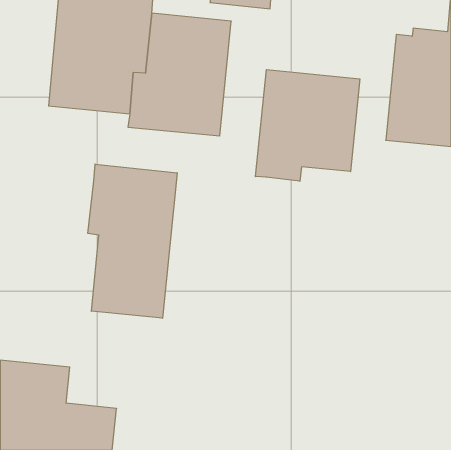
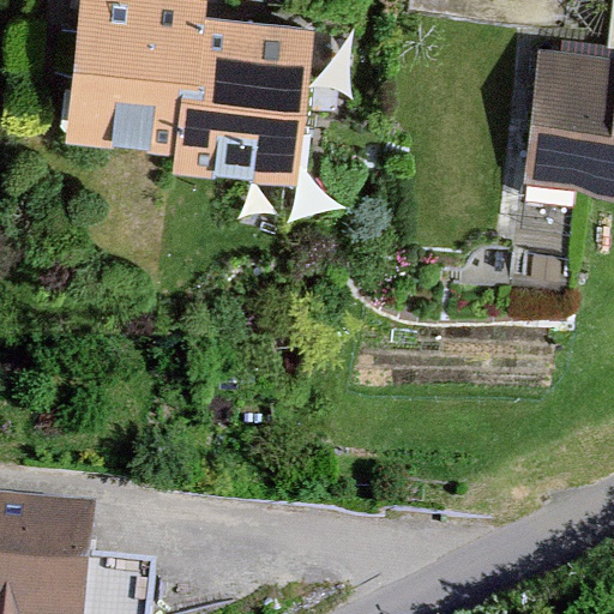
building: [255,70,360,181] -> none
building: [88,164,177,318] -> none

